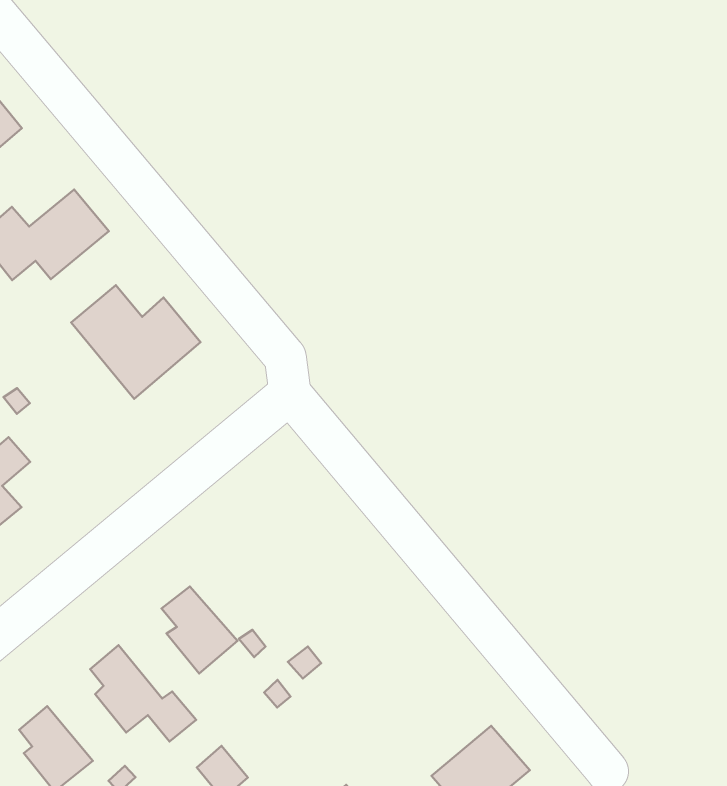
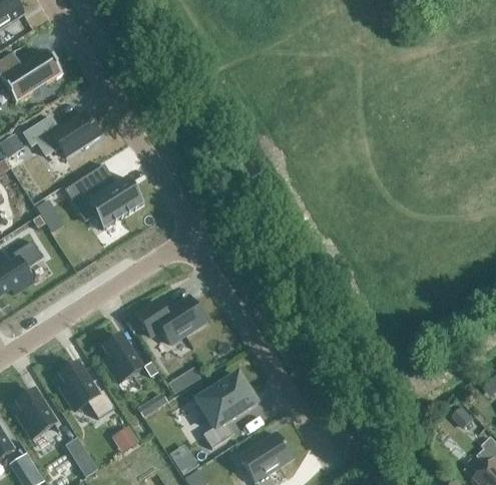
building: none -> [137,298,204,343]
building: none -> [196,373,257,448]

